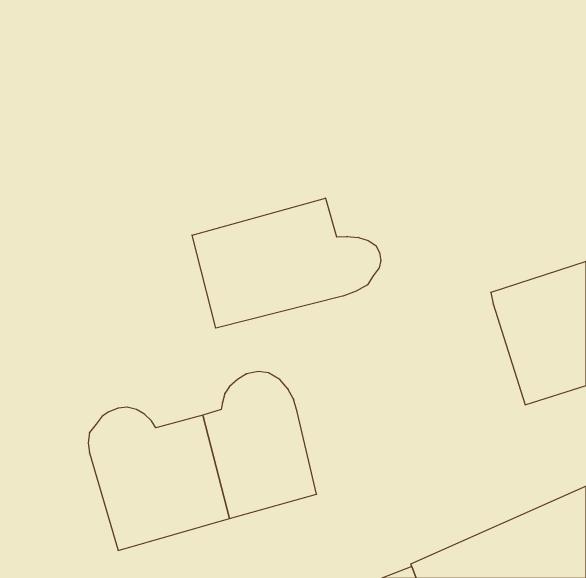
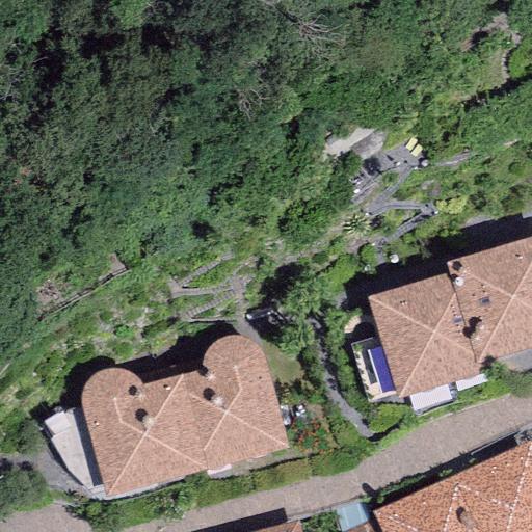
building: [192,198,381,328] -> none
building: none -> [369,275,478,398]

